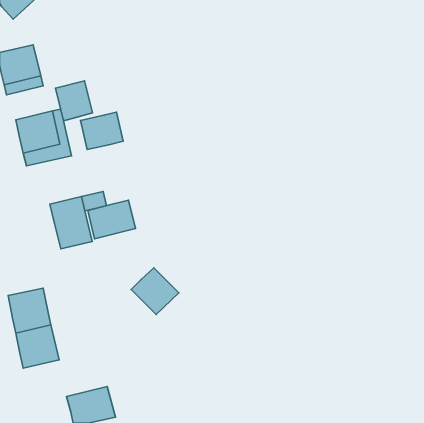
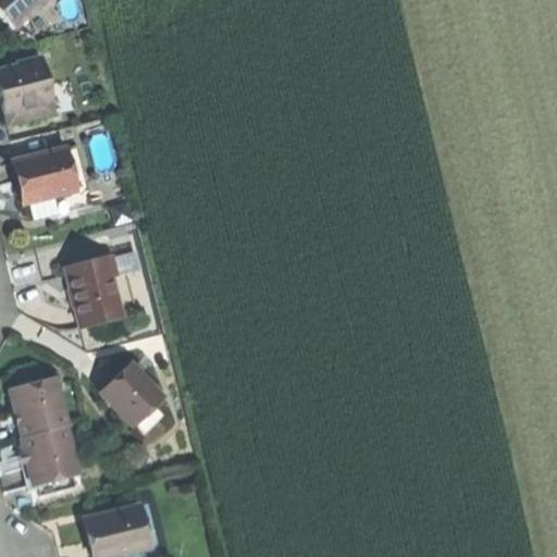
building: [55,81,92,121] -> none
building: [80,112,123,150] -> none
building: [88,200,135,239] -> none
building: [131,268,179,315] -> [100,362,162,423]

